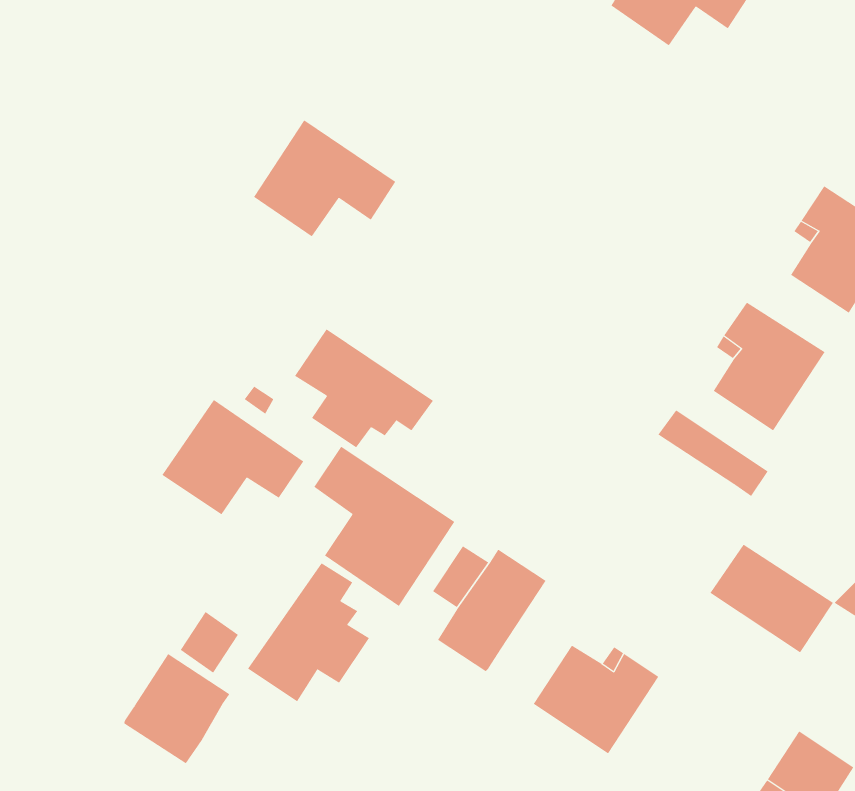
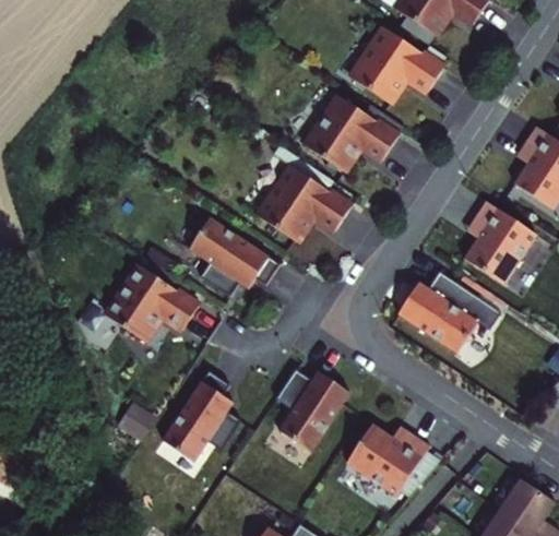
building: none -> [350,27,443,104]
building: [253,120,396,237] -> [258,166,350,242]
building: none -> [305,96,404,171]
building: [314,446,455,607] -> none
building: [710,544,834,653] -> [396,283,477,354]
building: [124,653,230,764] -> none

